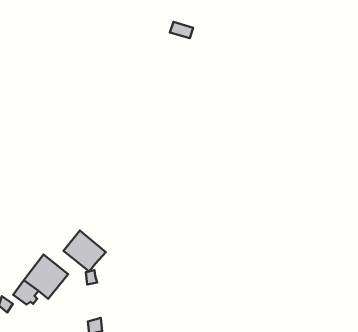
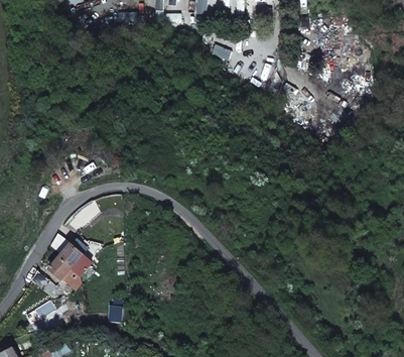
building: [64,231,106,272] -> none

